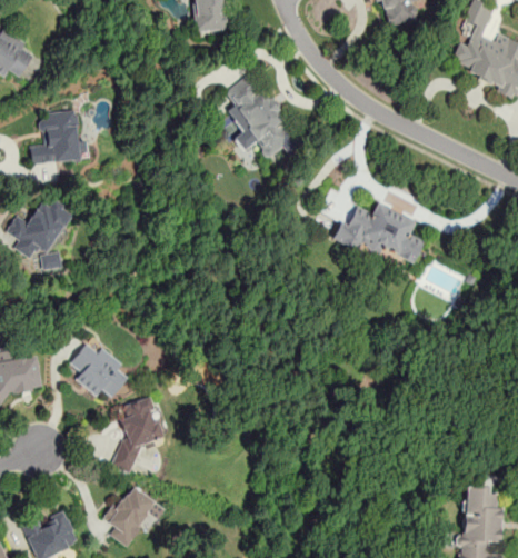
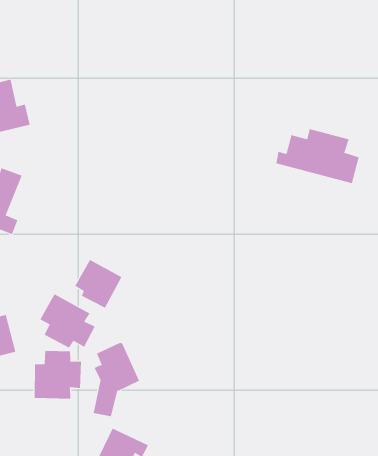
building: [225,73,297,160] -> none
building: none -> [74,259,122,309]
building: none -> [34,350,82,399]

